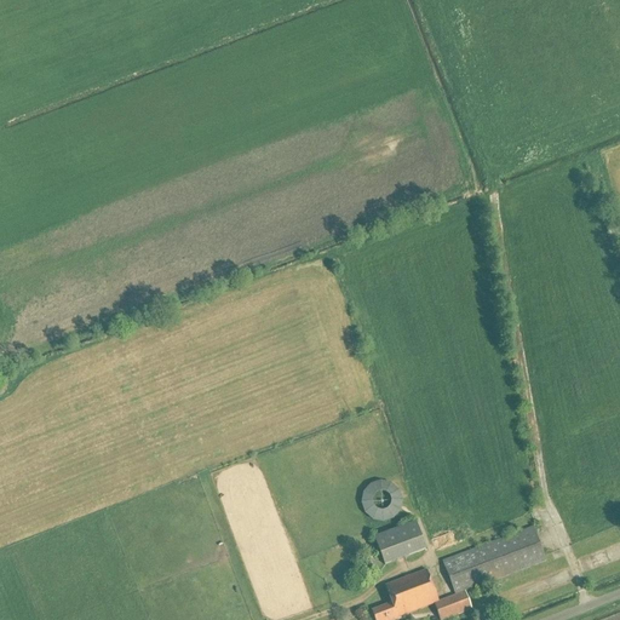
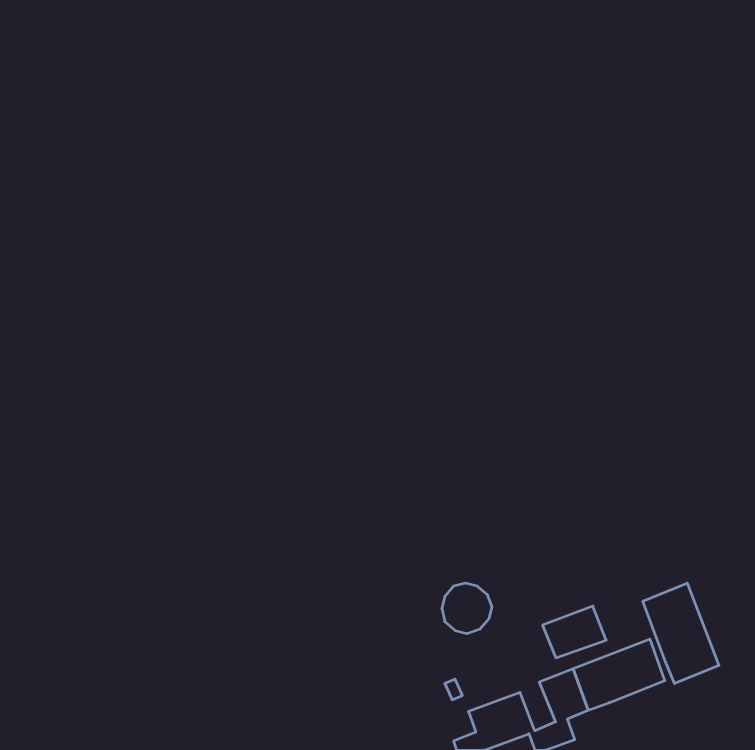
building: none -> [643,583,719,684]
building: [373,519,425,562] -> [543,606,606,658]

